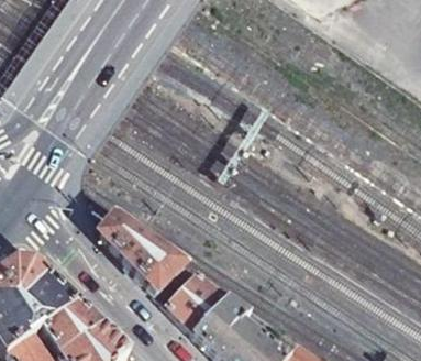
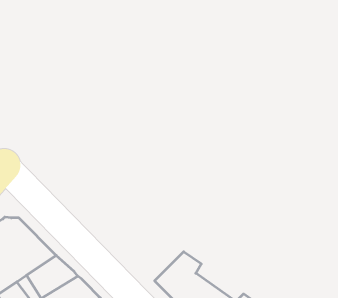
building: [99,219,226,332] -> none

